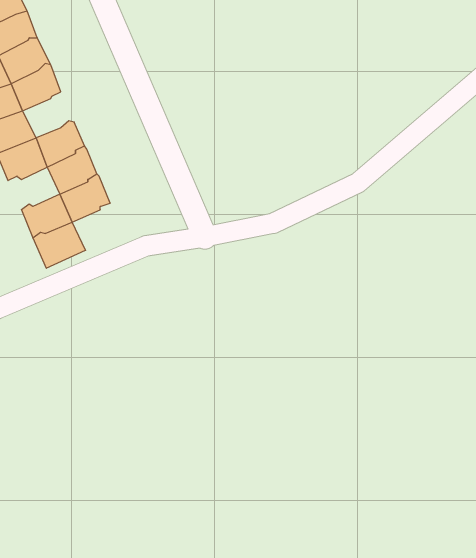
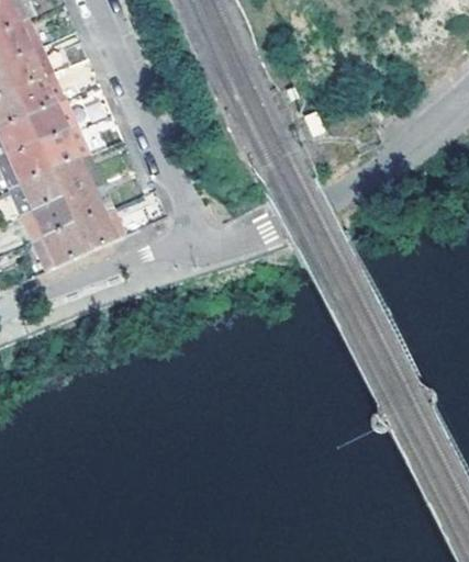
building: none -> [23,97,74,142]
building: none -> [9,170,59,212]
building: none -> [71,205,122,251]

